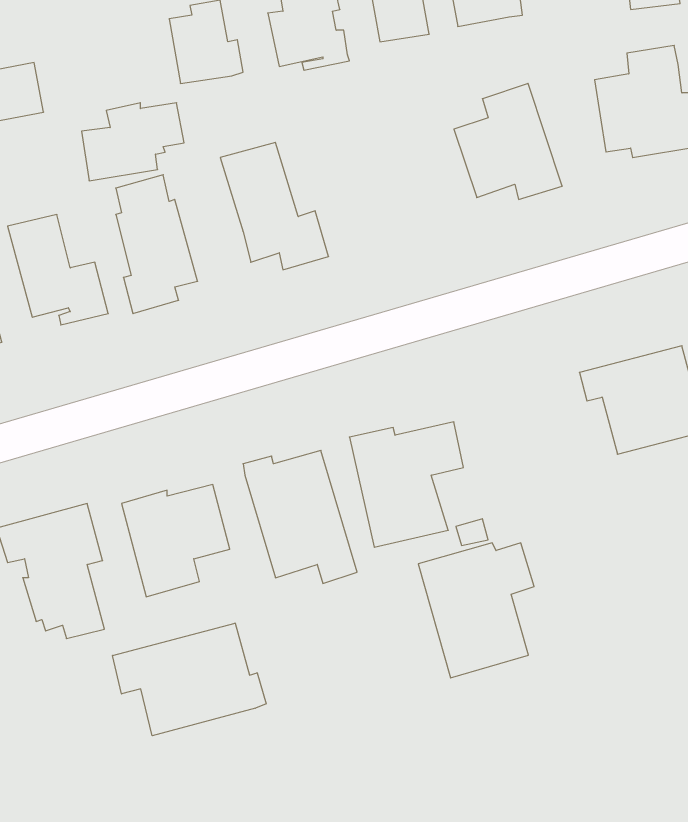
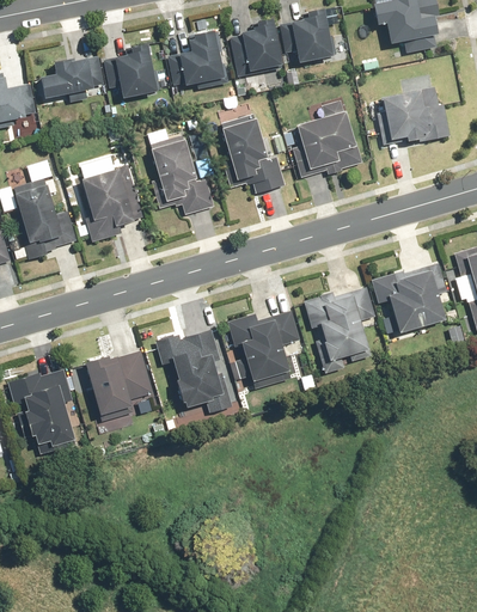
building: [82,103,184,181] -> [38,59,103,108]
building: none -> [222,118,286,188]
building: [418,543,534,678] -> [302,287,375,372]
building: [113,623,266,736] -> none

